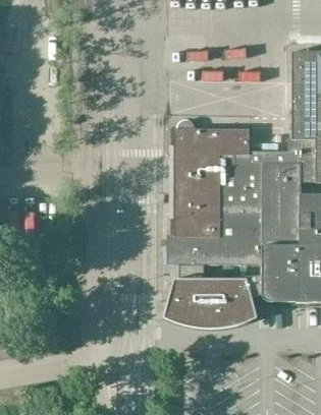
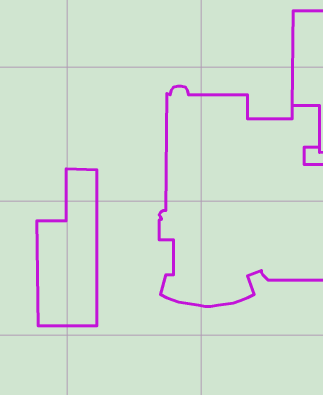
building: none -> [37,169,97,326]

